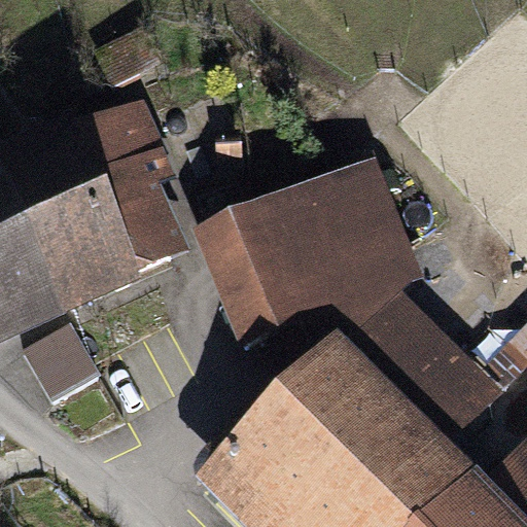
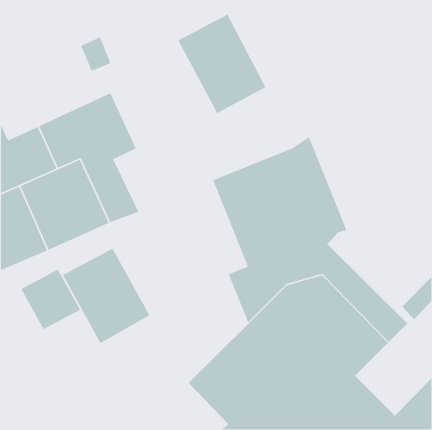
building: none -> [177,13,267,114]
building: [207,219,301,345] -> none
building: none -> [62,247,151,344]

